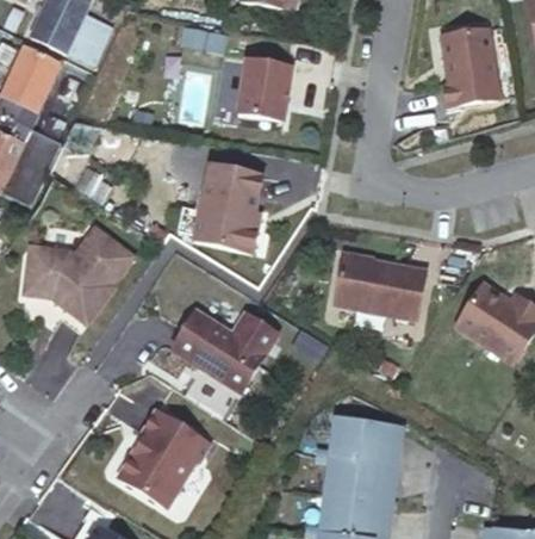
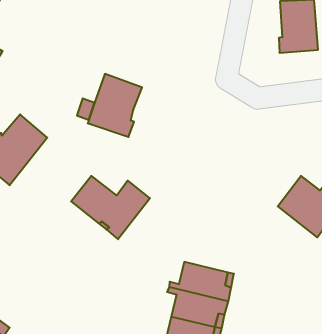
building: [236,72,291,134] -> none
building: [338,252,430,316] -> none
building: [117,403,209,500] -> none

